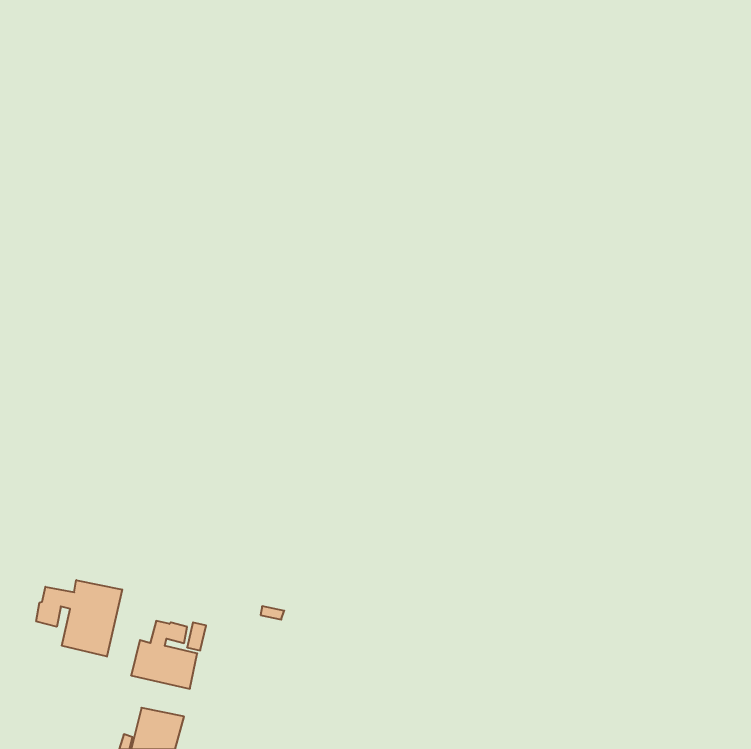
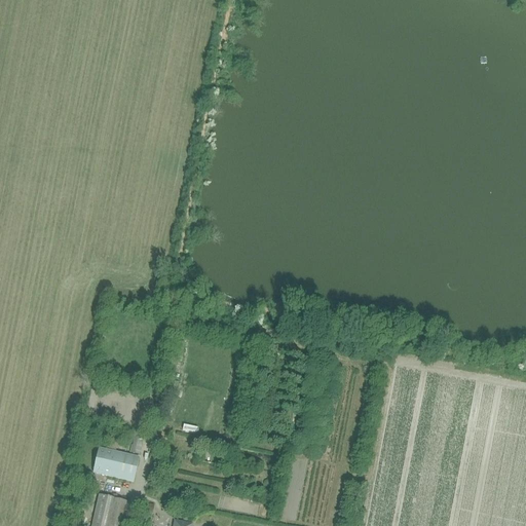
building: [36,580,122,657] -> none

